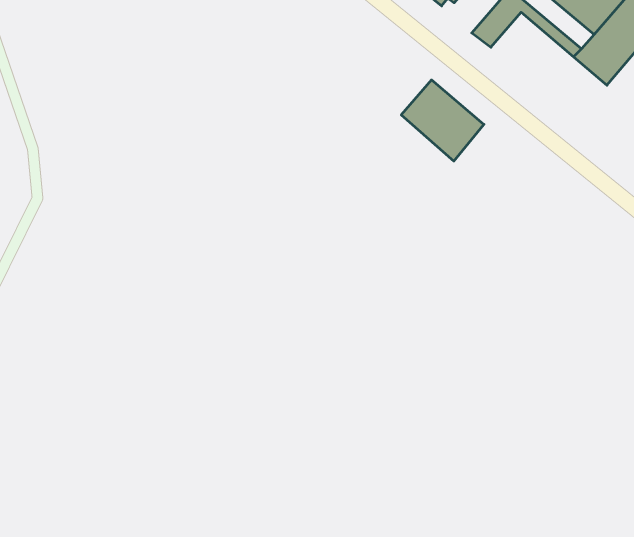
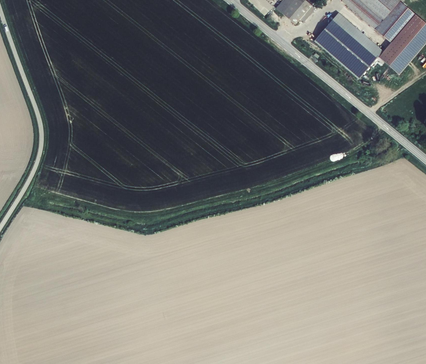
building: [401,80,484,161] -> [325,28,377,79]

